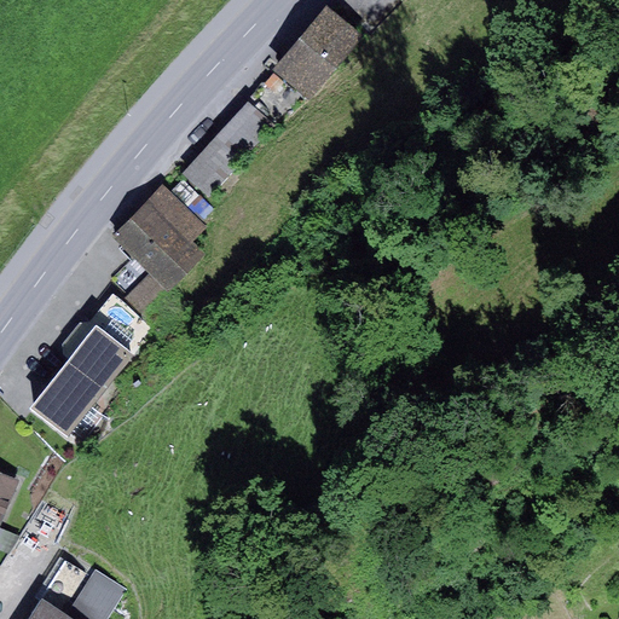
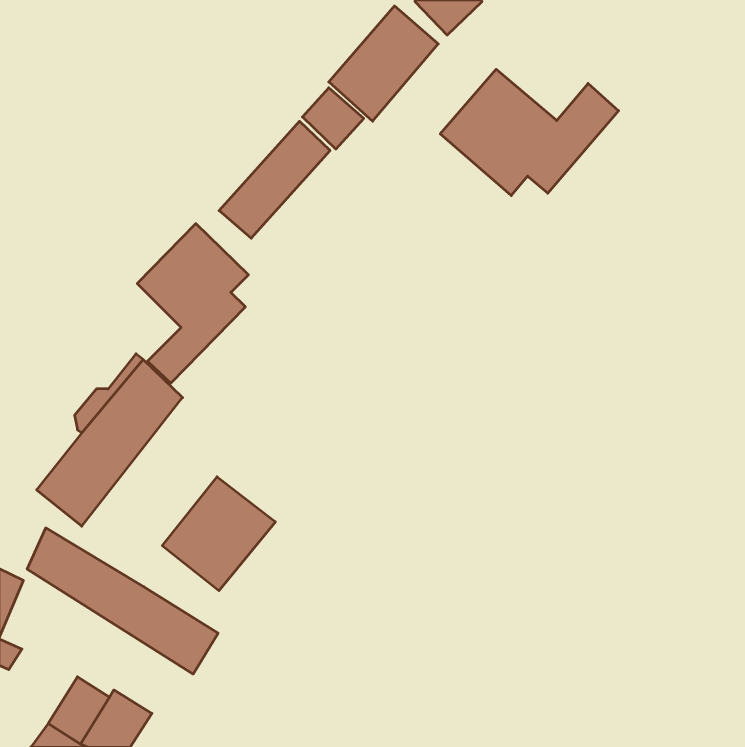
building: none -> [440,69,619,196]
building: none -> [162,477,275,591]
building: none -> [27,528,218,674]

